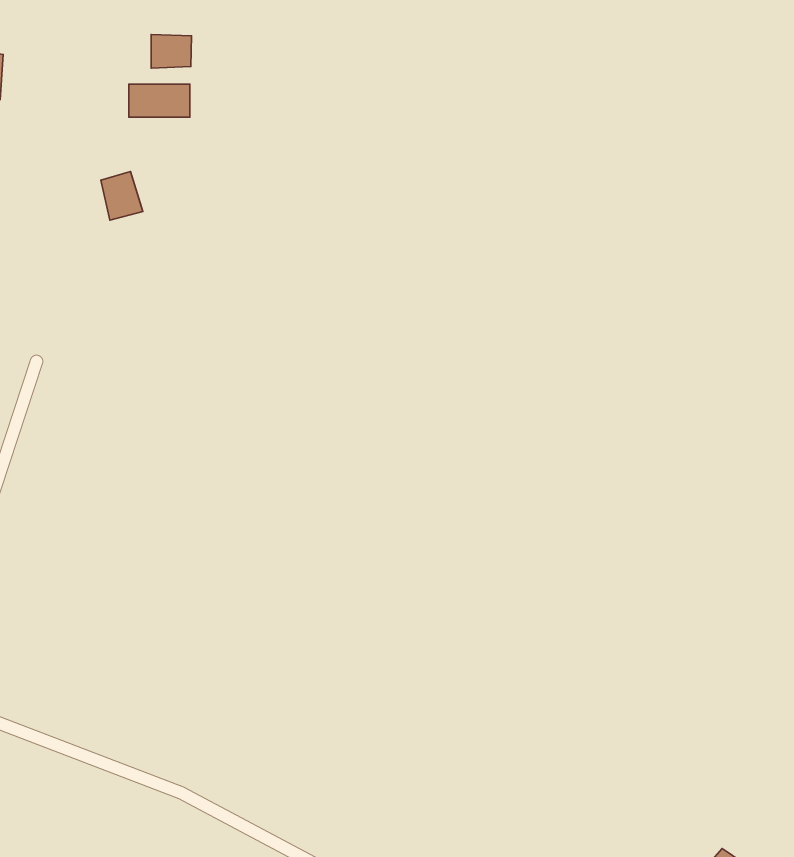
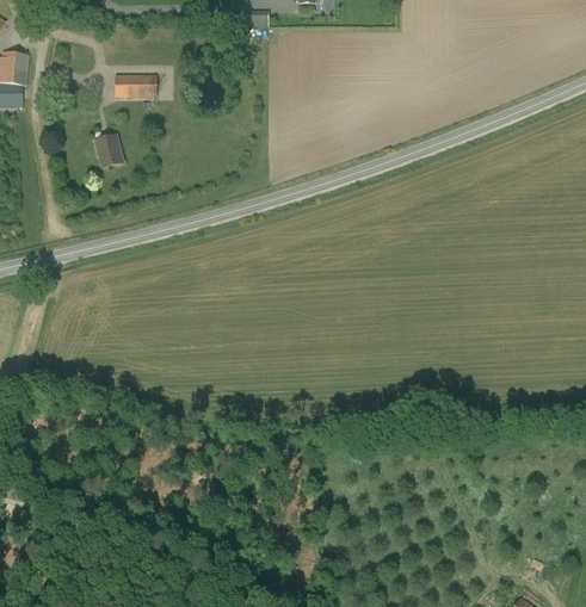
building: [151,34,192,68] -> none

